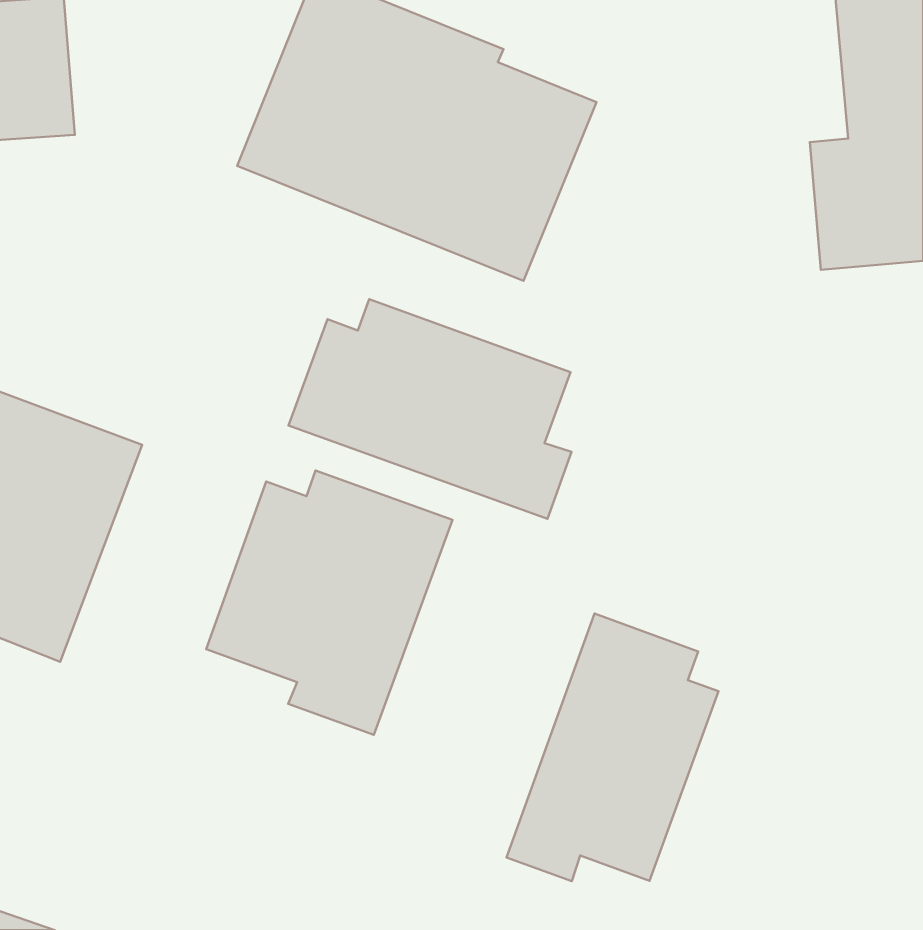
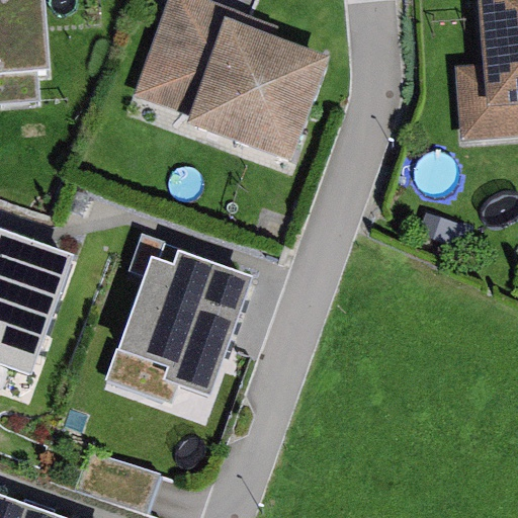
building: [289,299,572,519] -> none
building: [507,614,718,881] -> none

